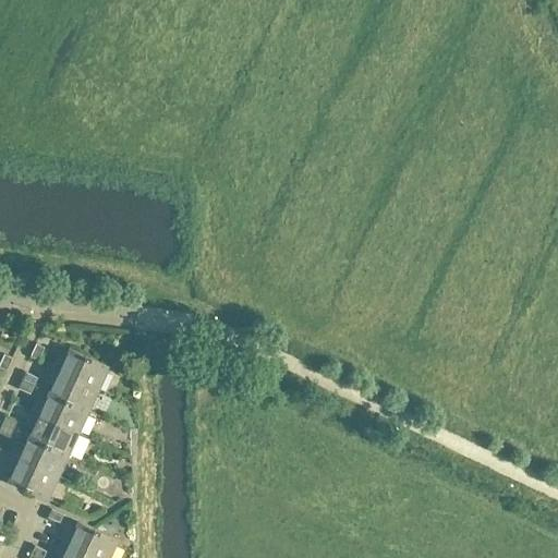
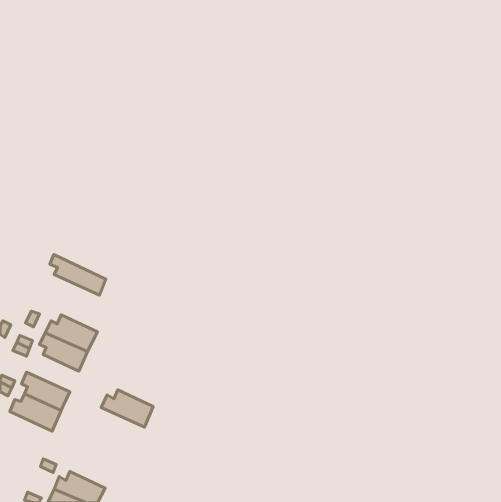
building: none -> [50,255,106,295]
building: [32,393,89,435] -> [101,390,153,427]
building: [7,457,60,501] -> none

